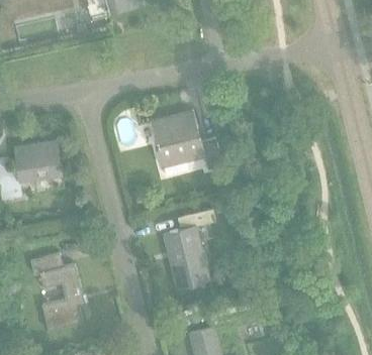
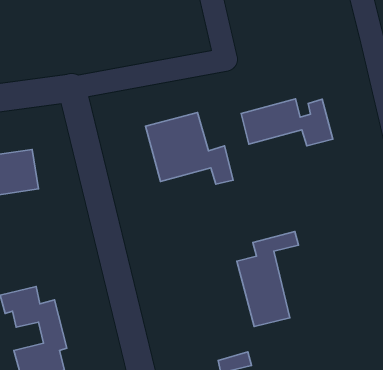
building: none -> [241,99,333,146]
building: [164,211,214,288] -> [237,231,298,326]

